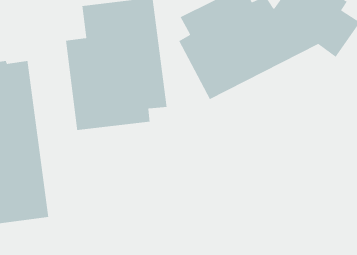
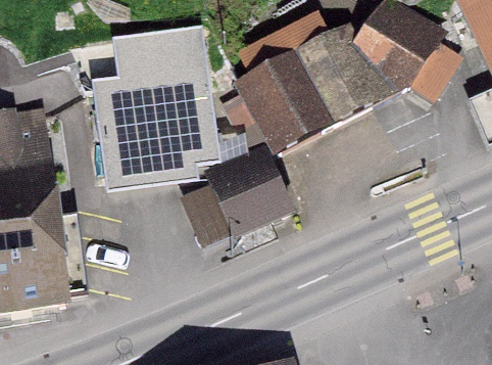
building: none -> [179,144,295,247]

